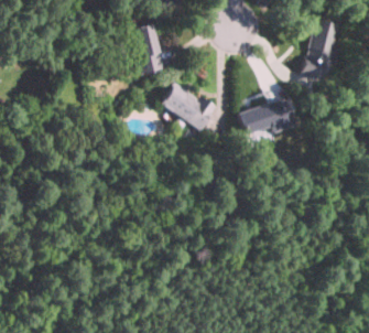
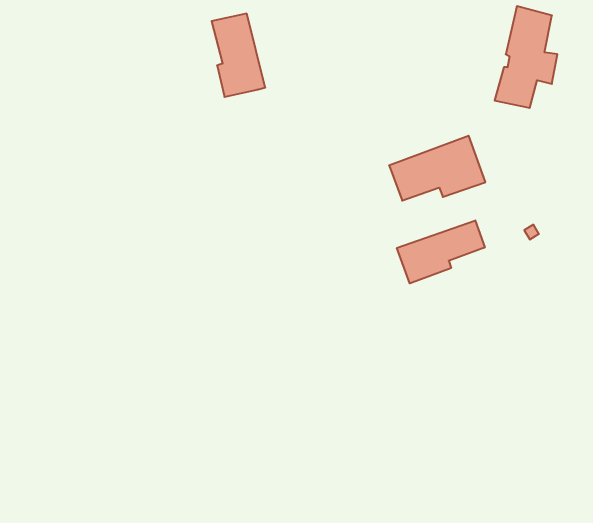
building: [162,83,217,132] -> none
building: none -> [397,220,485,283]

